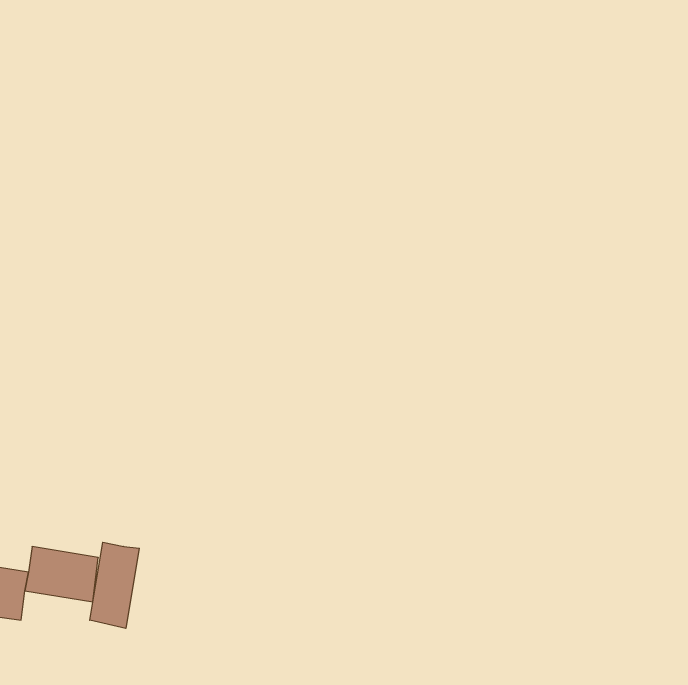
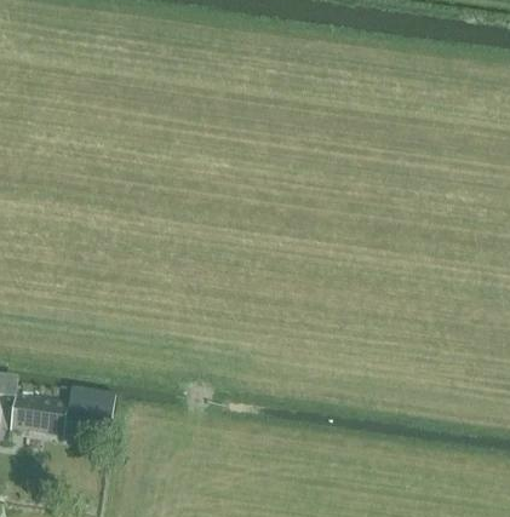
building: [90,542,139,628] -> none

